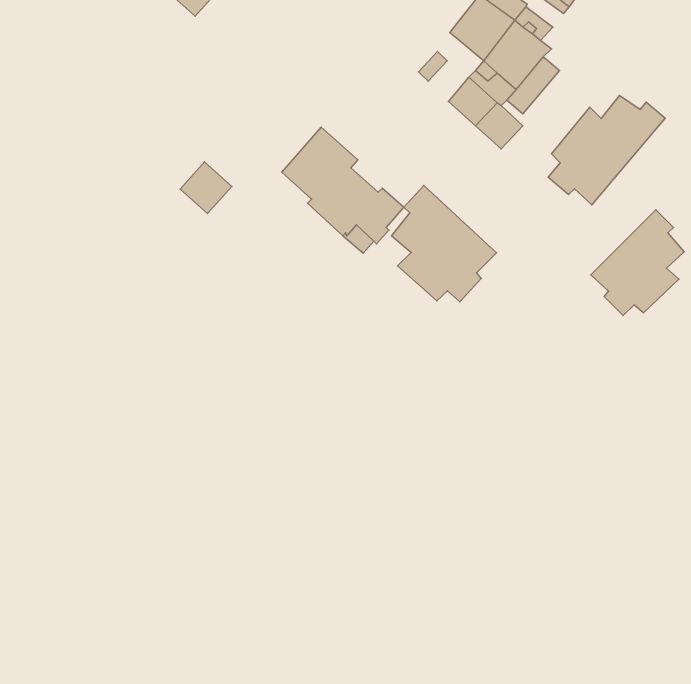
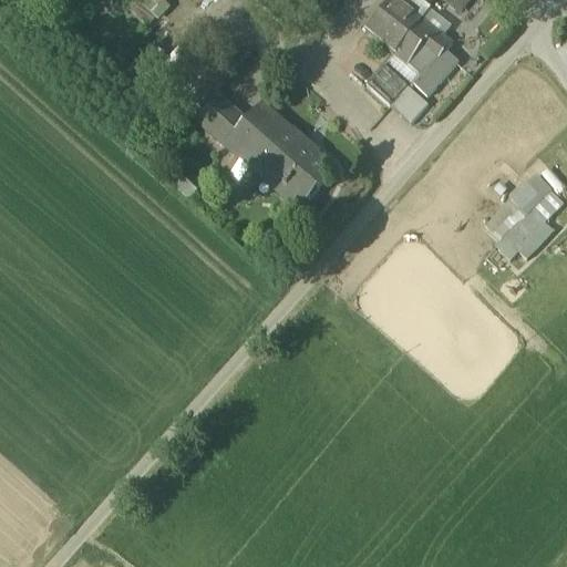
building: [548,95,665,205] -> none
building: [180,162,232,213] -> [196,94,238,136]
building: [391,186,497,302] -> none

